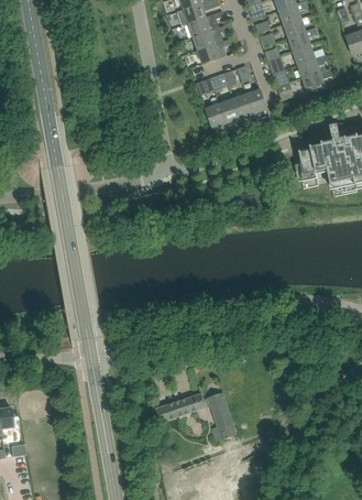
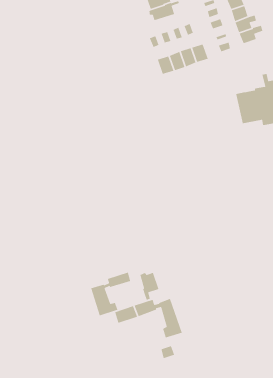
building: none -> [90,271,131,317]
building: none -> [140,272,160,301]

